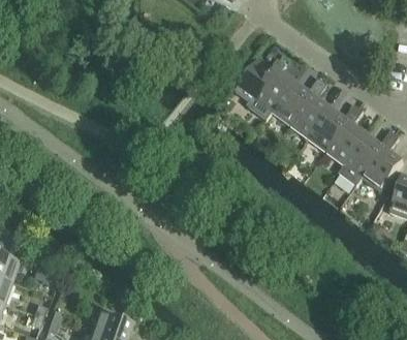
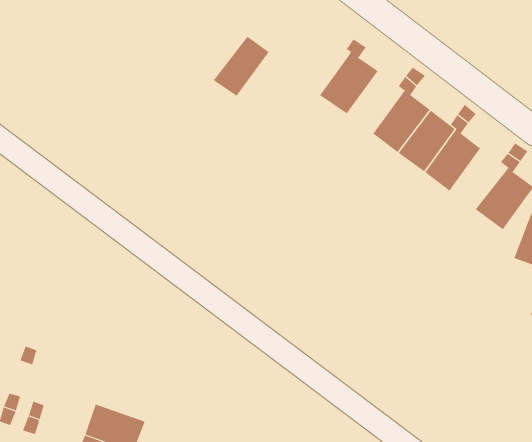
building: [234,58,274,100] -> [213,36,269,97]
building: [274,80,313,123] -> none
building: [340,133,385,184] -> none

